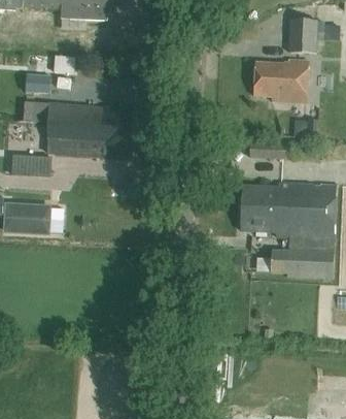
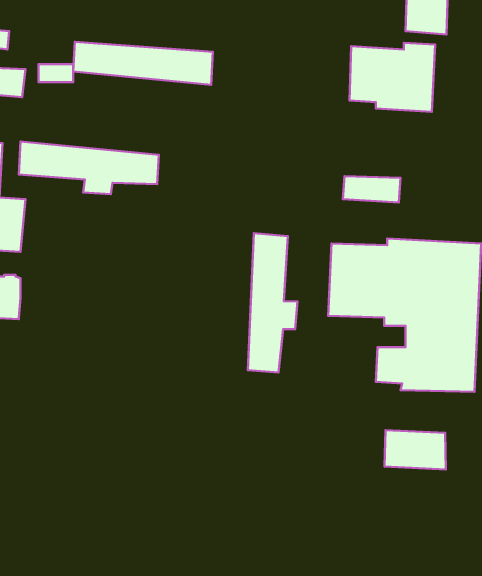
building: [48,102,136,129] -> [73,42,213,85]
building: none -> [248,233,297,373]
building: none -> [384,430,446,469]

